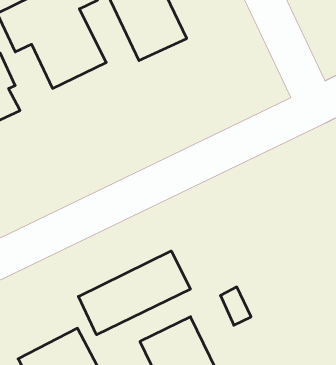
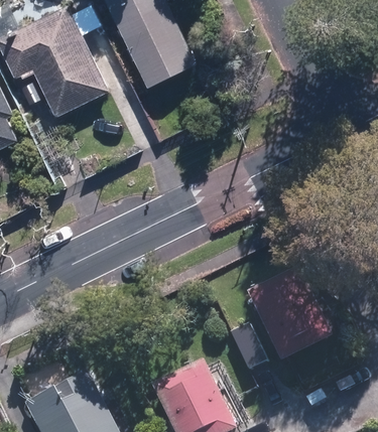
building: none -> [242,265,328,359]
building: [78,251,190,335] -> none

